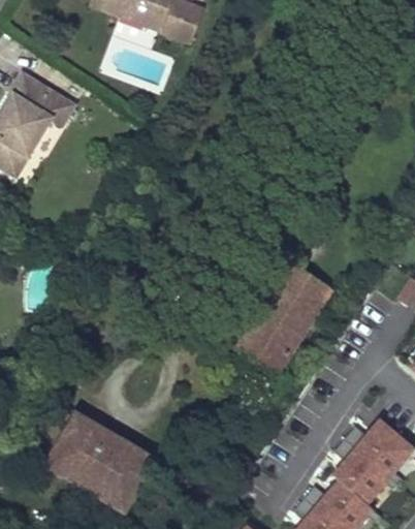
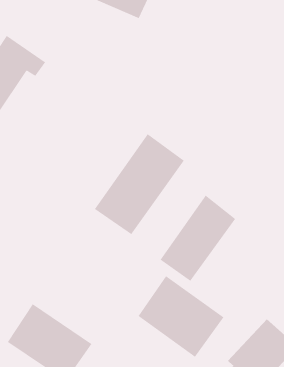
building: none -> [94,133,185,235]
building: none -> [137,275,225,358]

